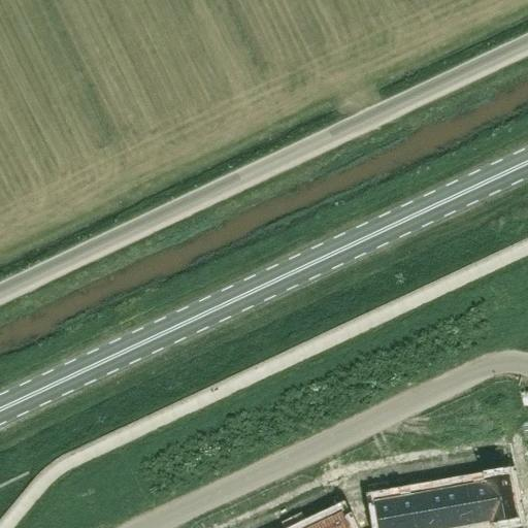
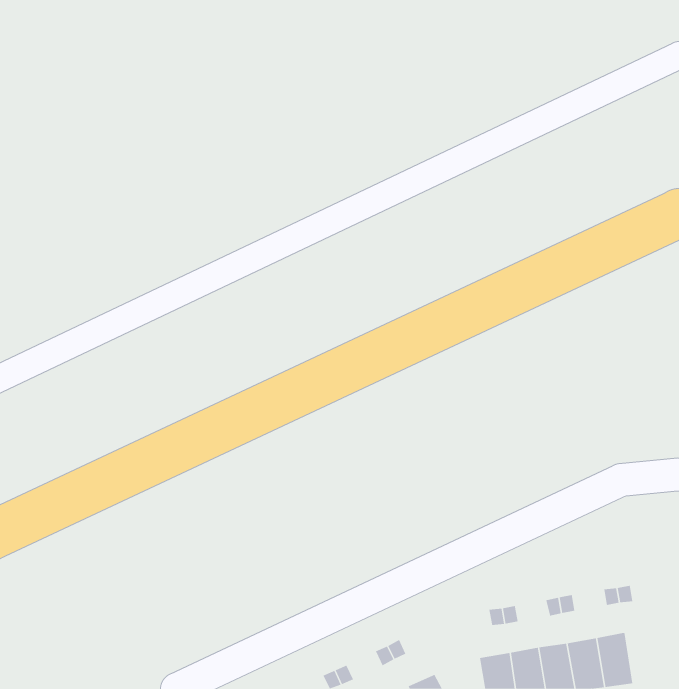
building: [477,480,507,523] -> none

